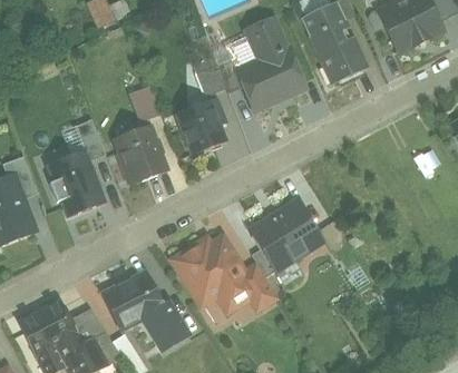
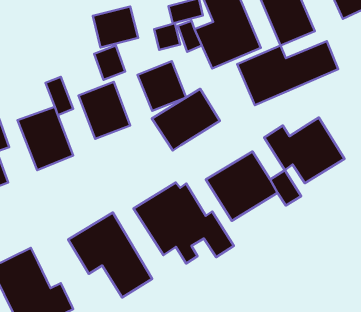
building: none -> [93,7,138,47]
building: none -> [237,41,338,105]
building: none -> [152,89,220,150]
building: none -> [264,117,344,183]
building: [68,307,120,365] -> none

